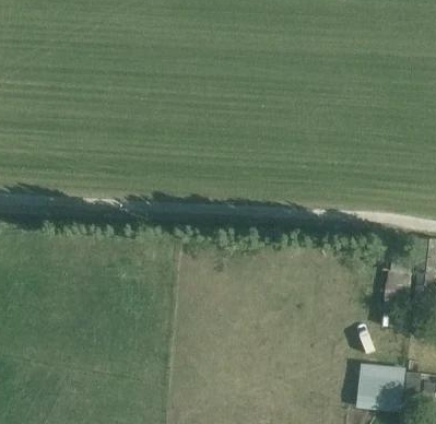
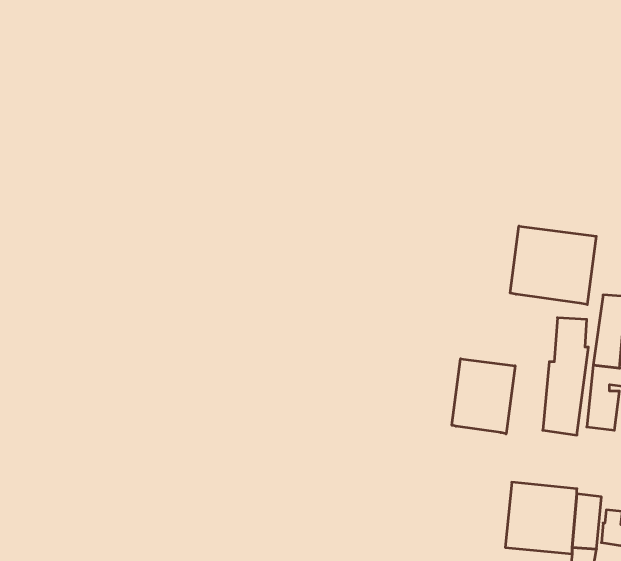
building: none -> [510,226,596,305]
building: none -> [452,359,515,434]

